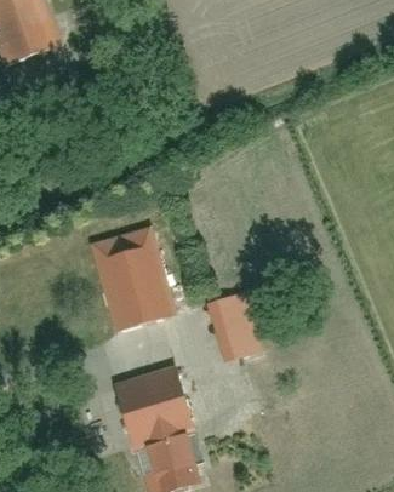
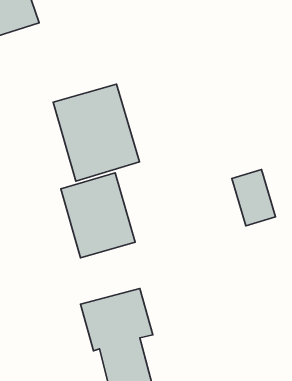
building: none -> [53,84,140,181]
building: [209,292,262,361] -> [232,170,275,226]

